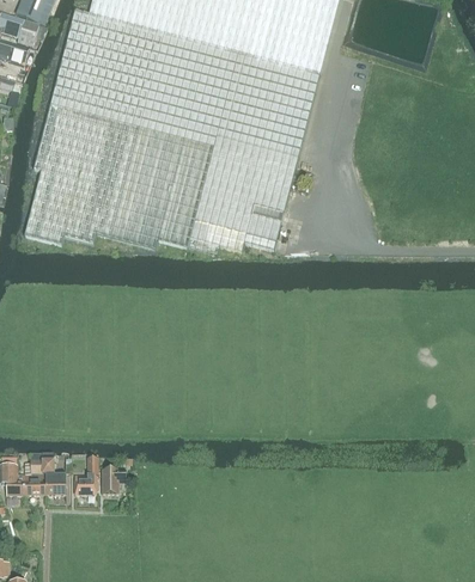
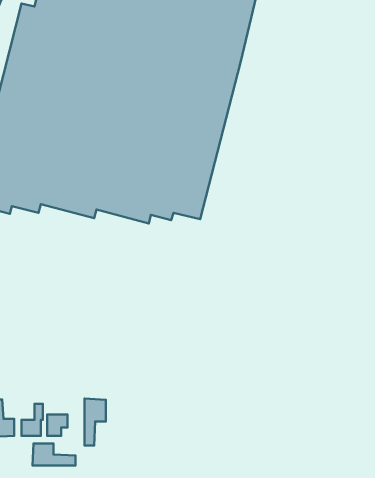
building: none -> [84,399,106,446]
building: none -> [32,443,76,466]

